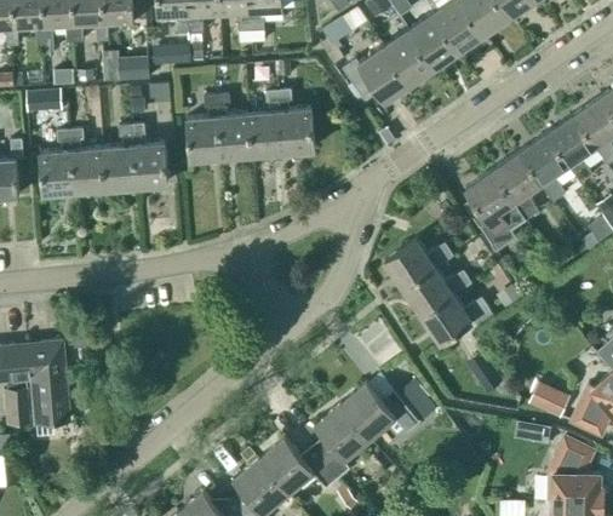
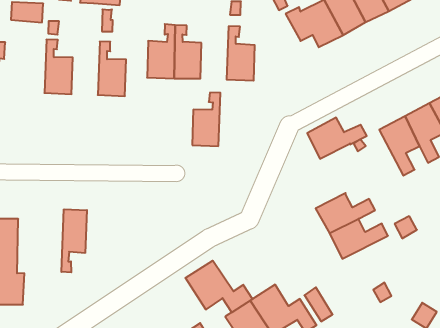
building: [248,91,282,155] -> [192,93,220,146]
building: [102,126,136,190] -> none
building: [39,131,74,195] -> none
building: [384,240,453,289] -> [307,118,367,159]
building: none -> [61,209,87,272]
building: none -> [185,261,253,312]

